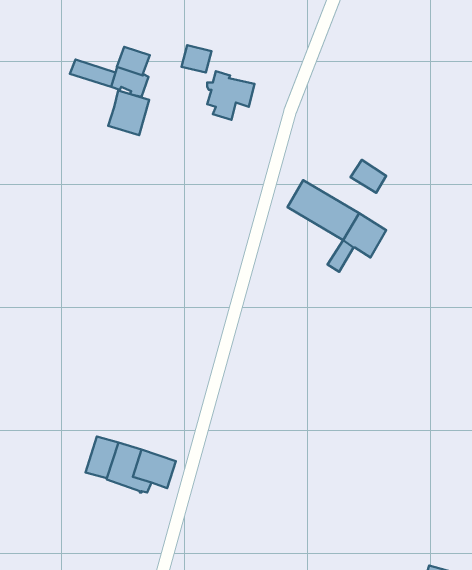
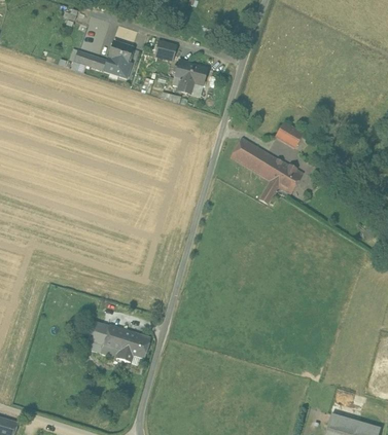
building: [108,91,149,135] -> none

